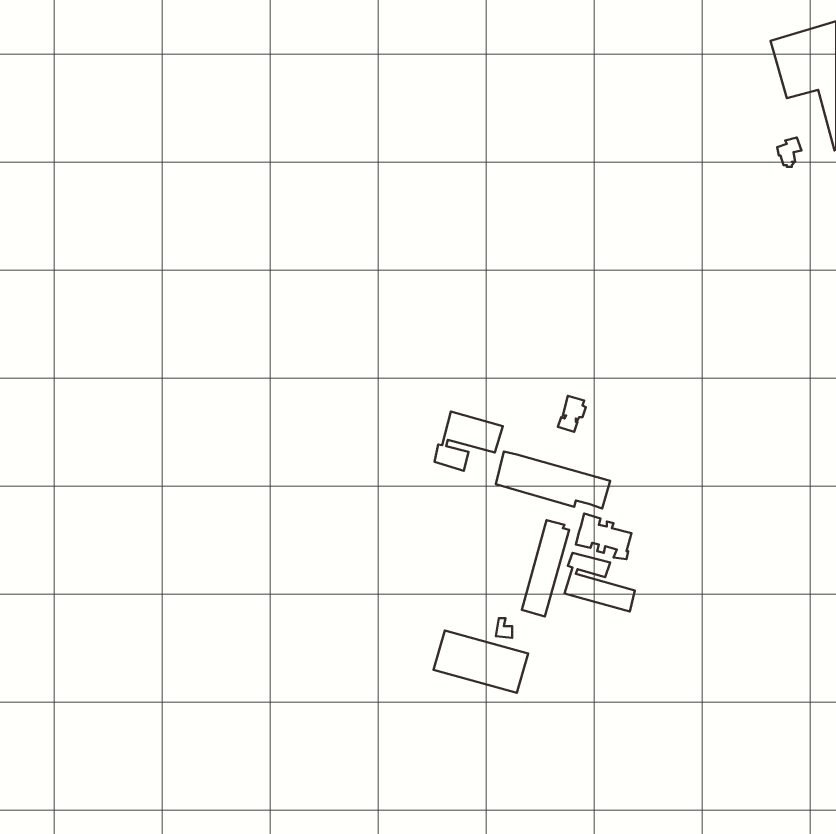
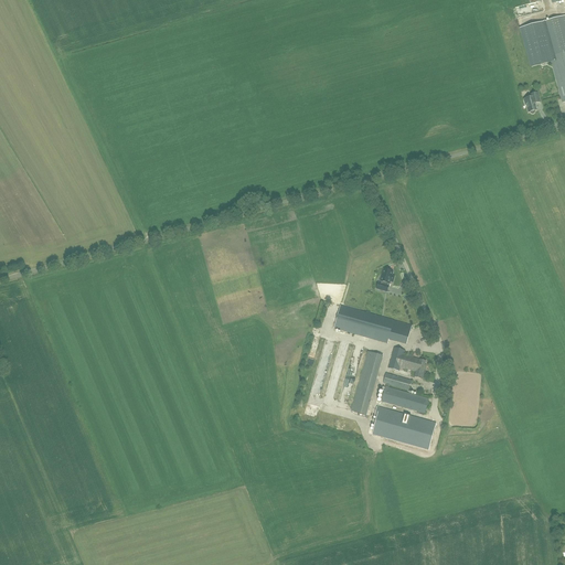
building: [434,412,503,471] -> none
building: [433,631,528,693] -> [372,407,436,449]

